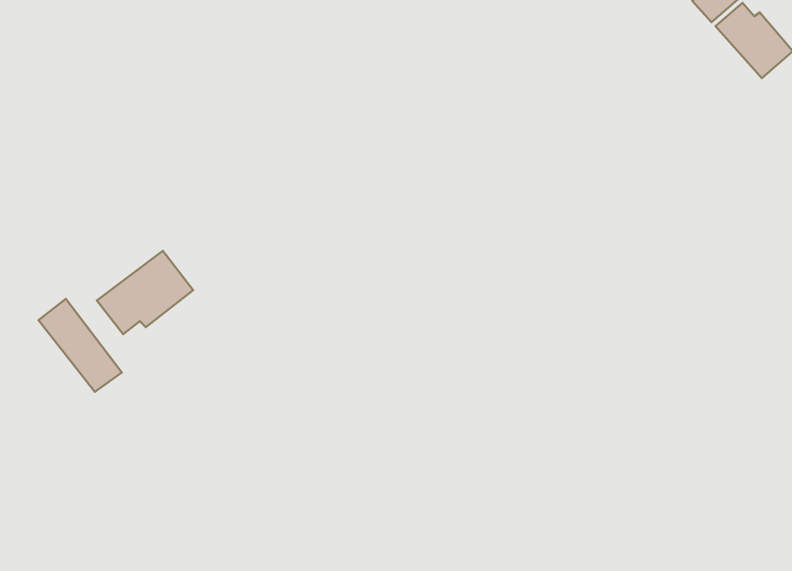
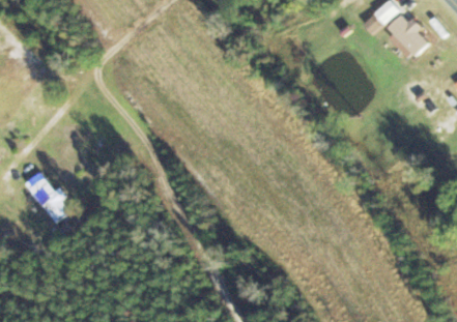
building: [97,251,193,334] -> none

